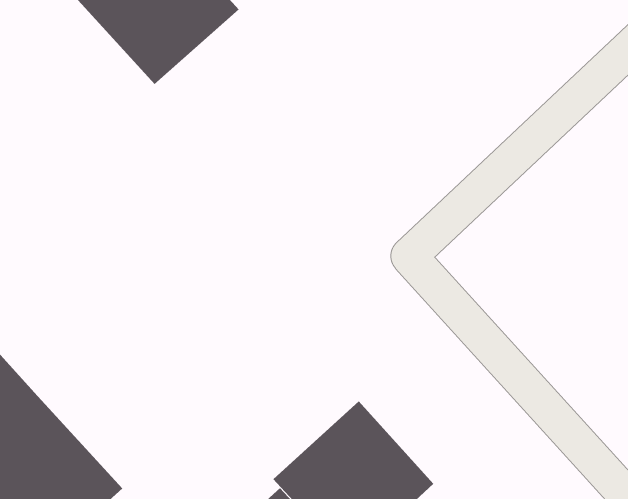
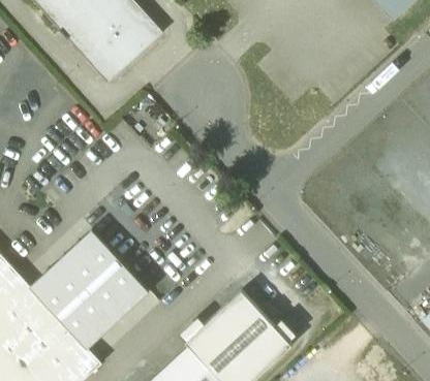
building: none -> [31,230,148,348]

